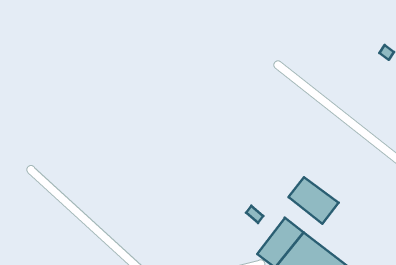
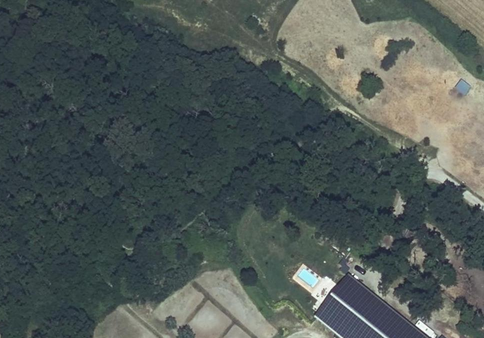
building: [289,177,339,224] -> none

